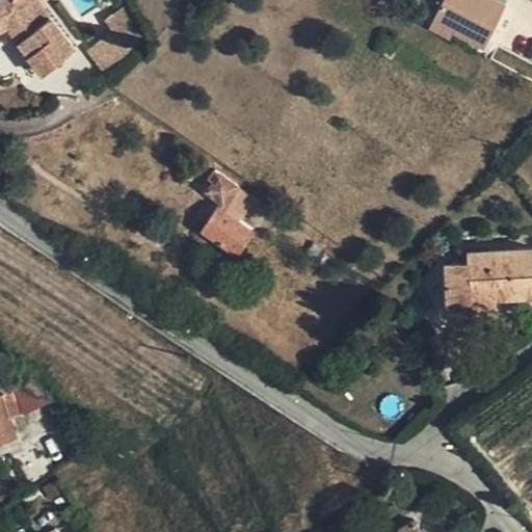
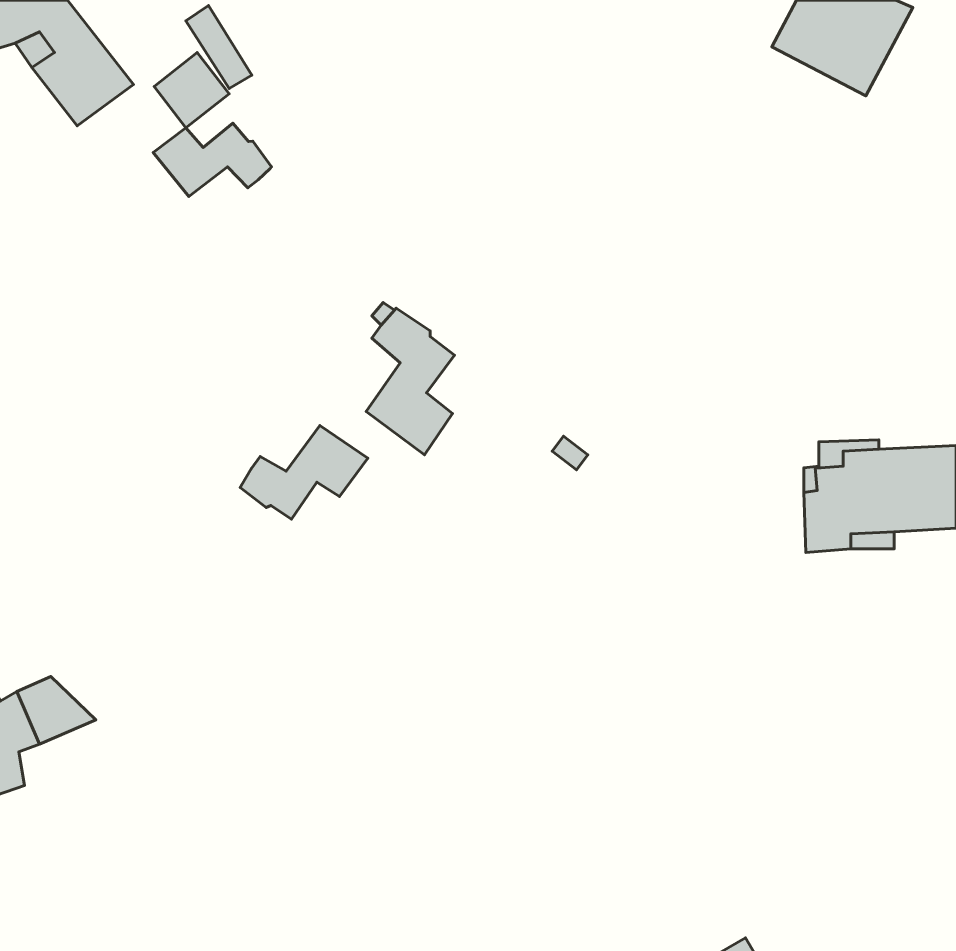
building: none -> [153,123,272,196]
building: none -> [240,425,368,519]

